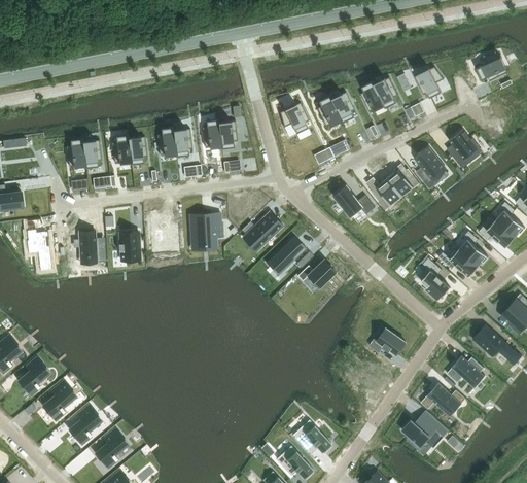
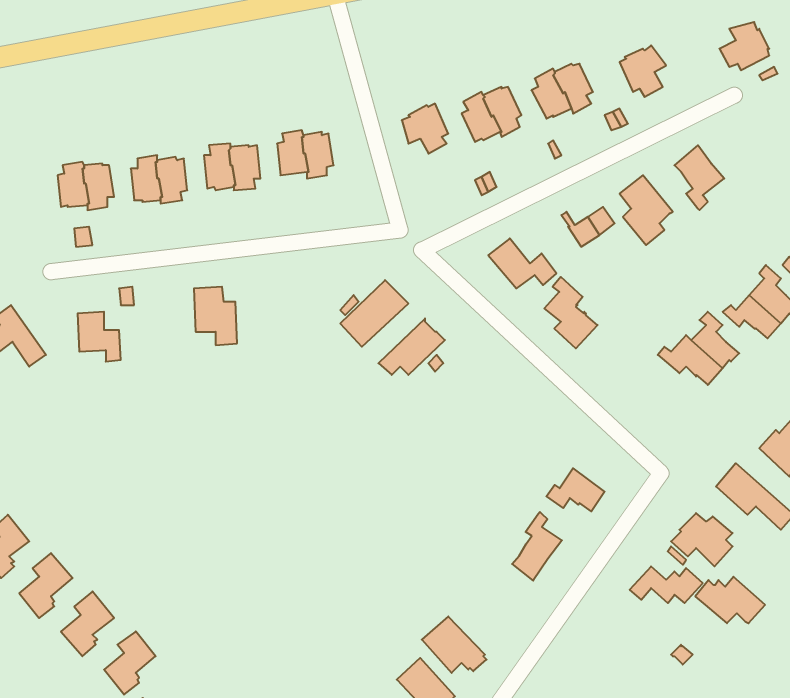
building: [189,214,221,245] -> none
building: [117,231,139,261] -> none
building: [417,257,450,302] -> [544,277,598,348]
building: [296,258,333,287] -> none
building: none -> [512,512,562,581]
building: [399,420,443,449] -> [695,577,765,623]

